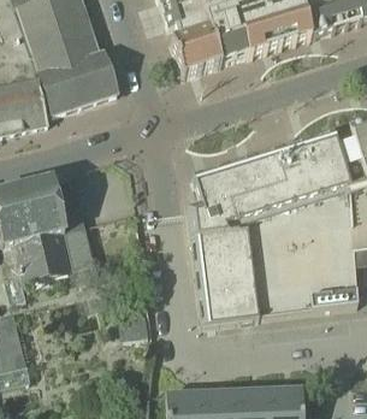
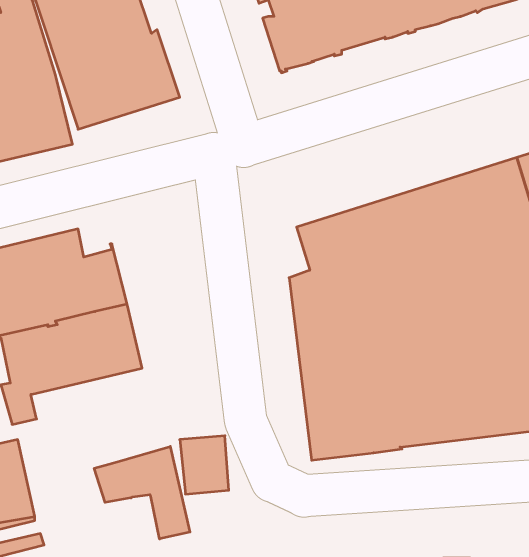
building: none -> [94,446,190,539]

